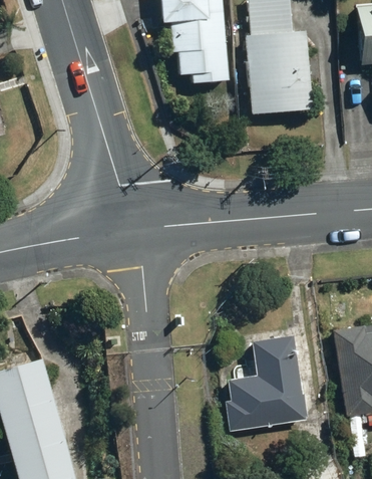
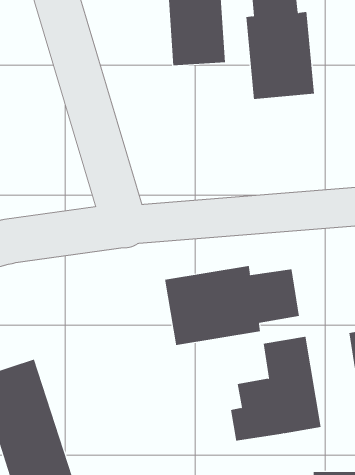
building: none -> [164,265,300,346]

